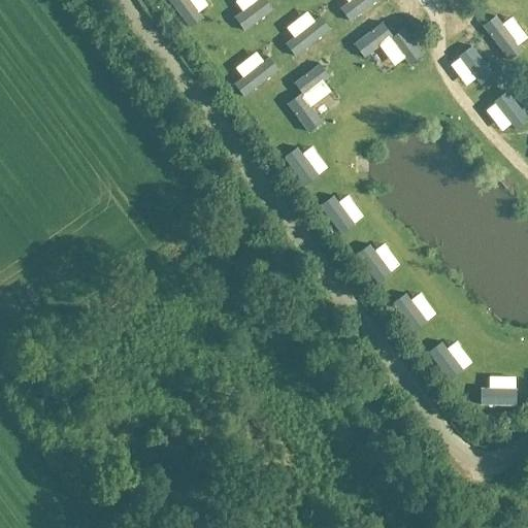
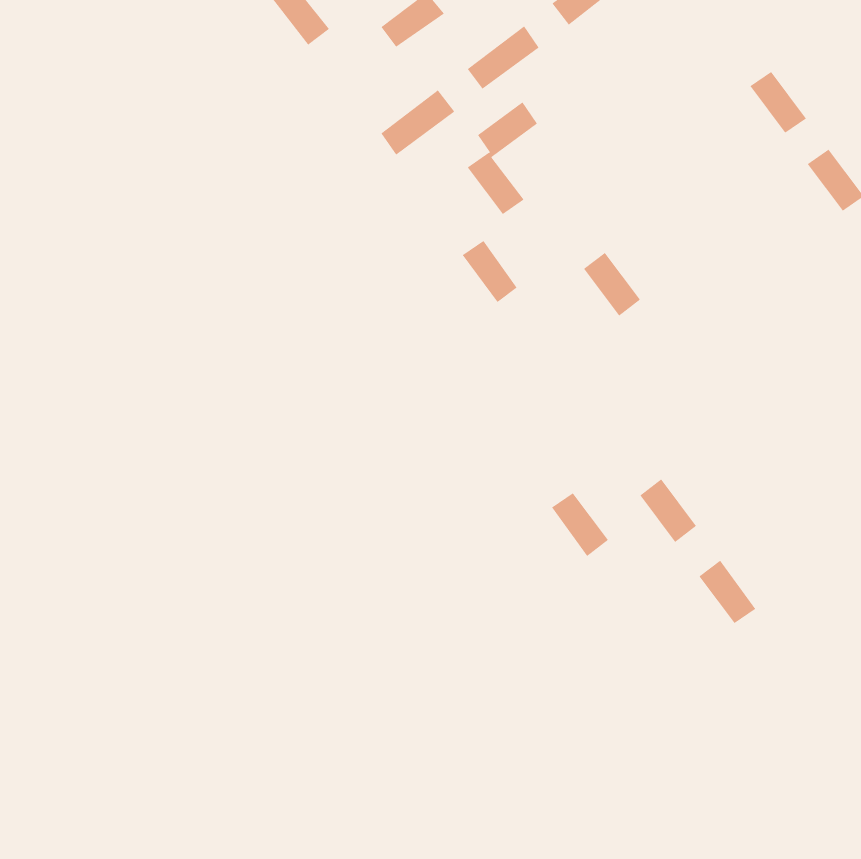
building: [483,14,522,60] -> none
building: [354,22,423,64] -> none
building: [320,195,355,234] -> [583,252,641,316]
building: [356,243,391,283] -> [551,492,609,557]
building: [480,387,517,404] -> none

